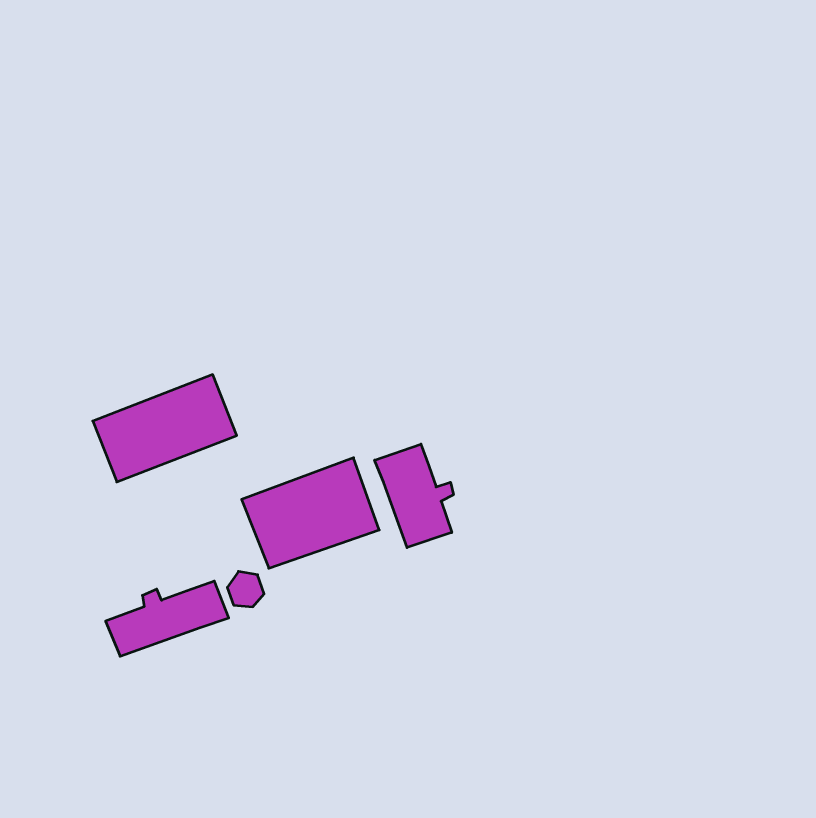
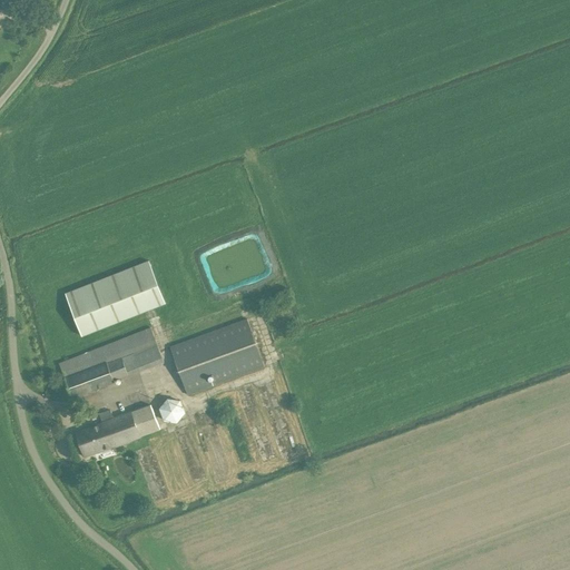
building: [375,444,453,548] -> none
building: none -> [58,327,163,399]

